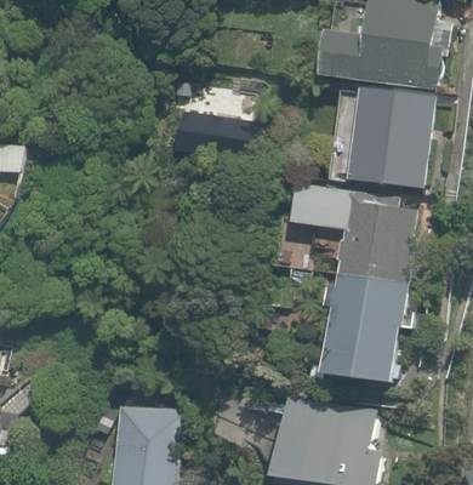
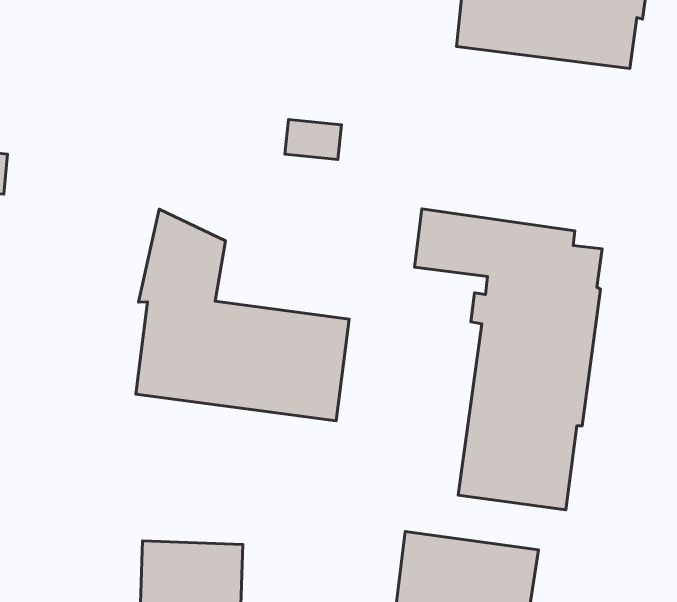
building: [344,86,434,187] -> none
building: none -> [136,209,349,421]

